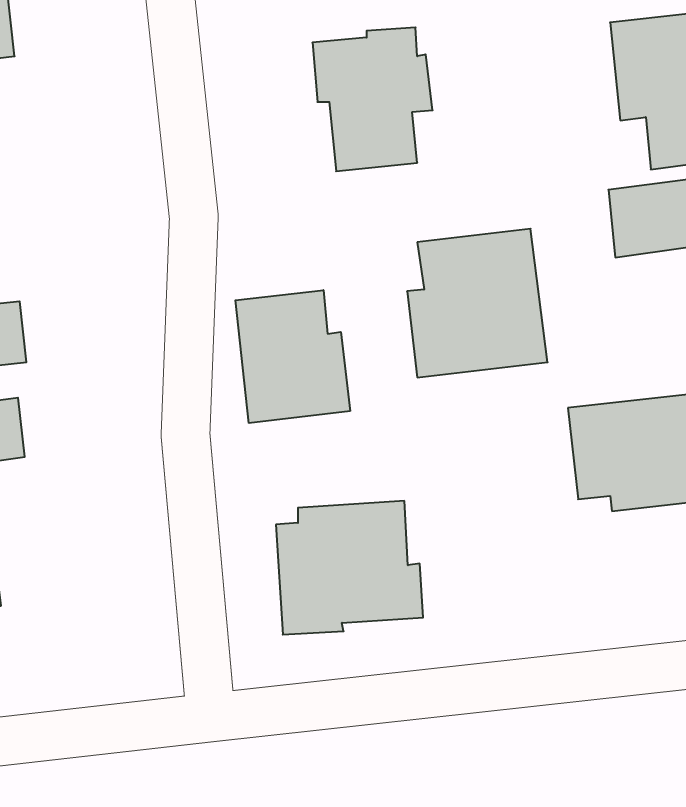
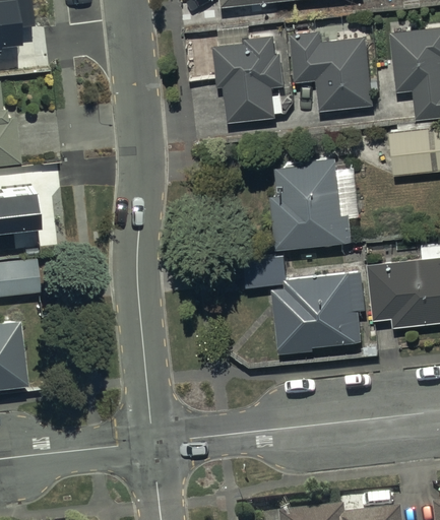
building: none -> [289,31,372,112]
building: [235,290,350,423] -> none
building: [276,501,423,635] -> [273,271,362,351]

